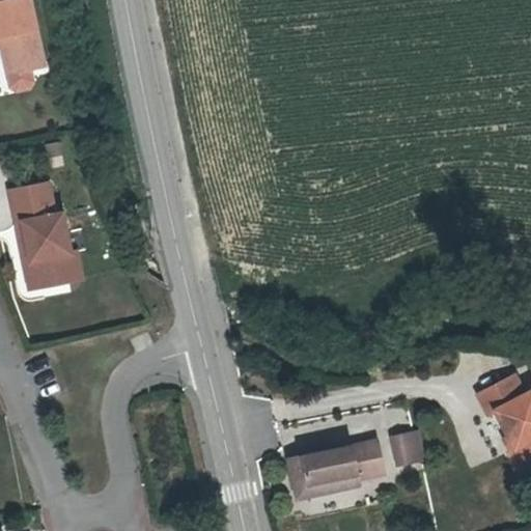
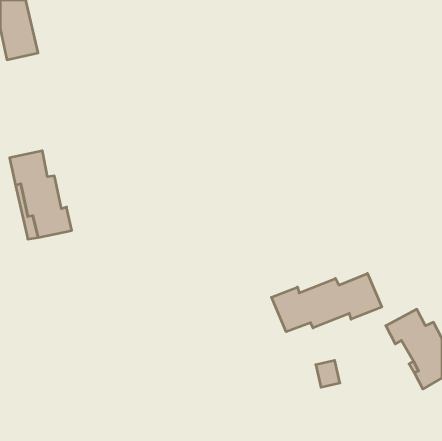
building: none -> [271,273,382,332]
building: [279,442,374,500] -> none

